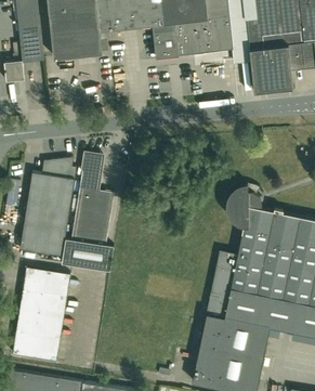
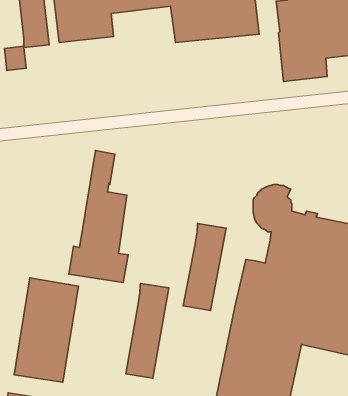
building: [21,158,76,256] -> none
building: none -> [183,223,226,310]
building: none -> [126,283,169,378]

